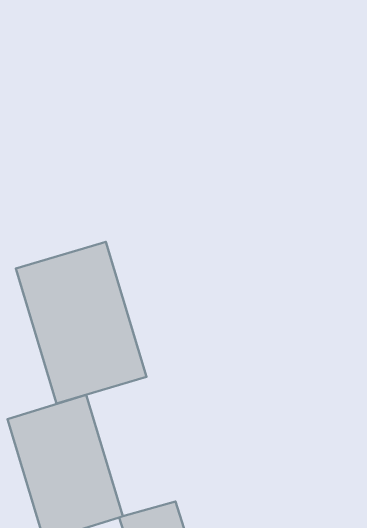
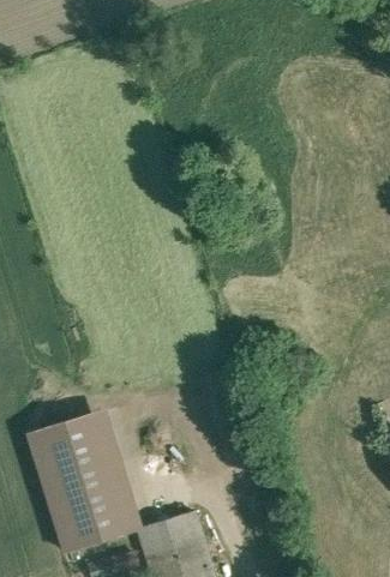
building: [16,242,147,403] -> none

